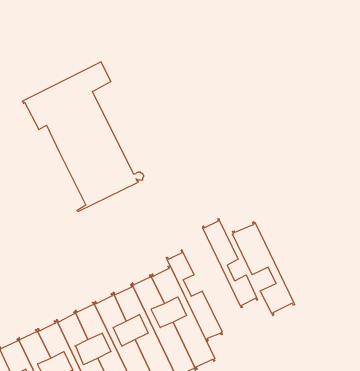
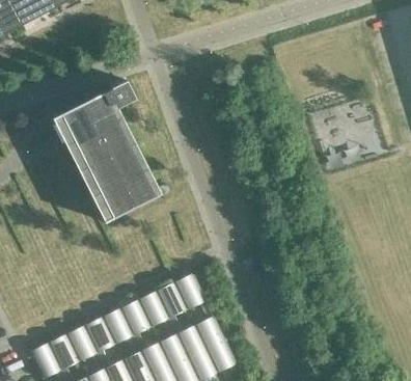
building: [203,219,257,308] -> none
building: [232,222,295,316] -> none
building: [166,250,222,341] -> none

